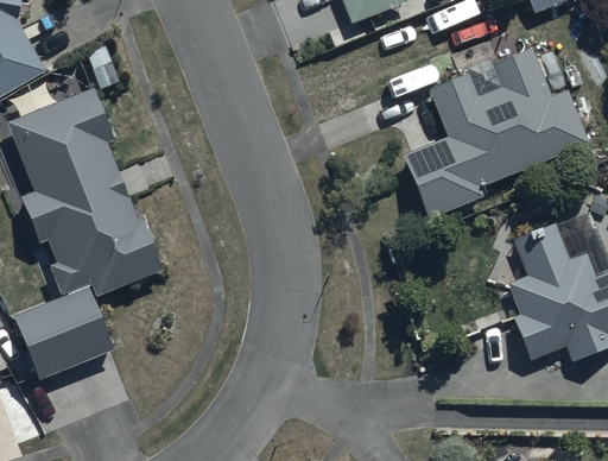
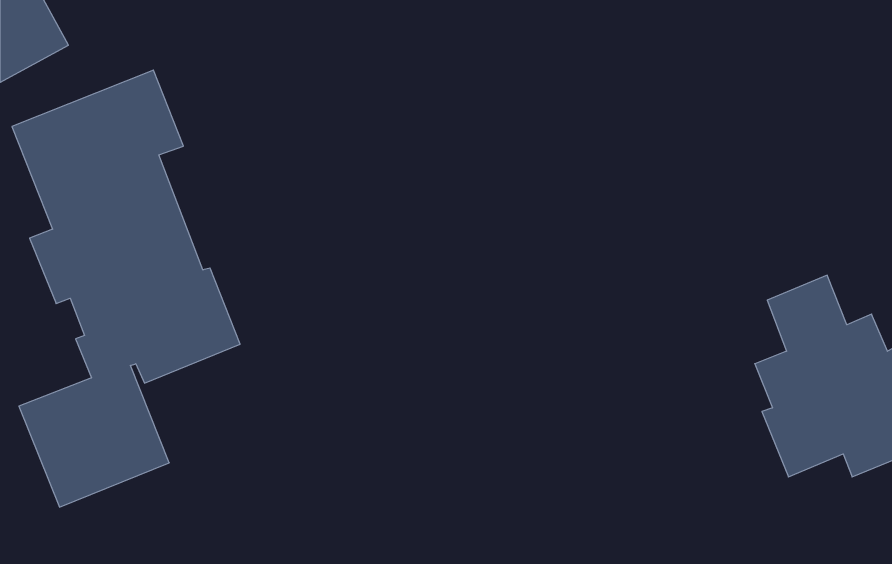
building: [403,48,589,219] -> none

